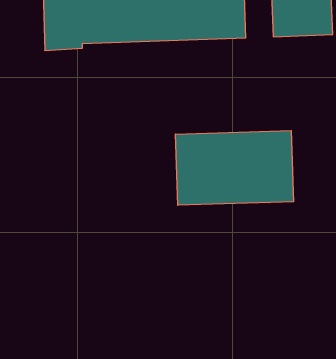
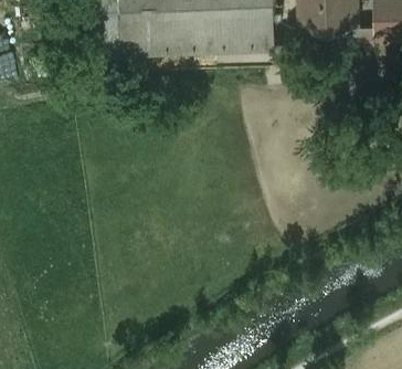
building: [176,131,293,205] -> none

